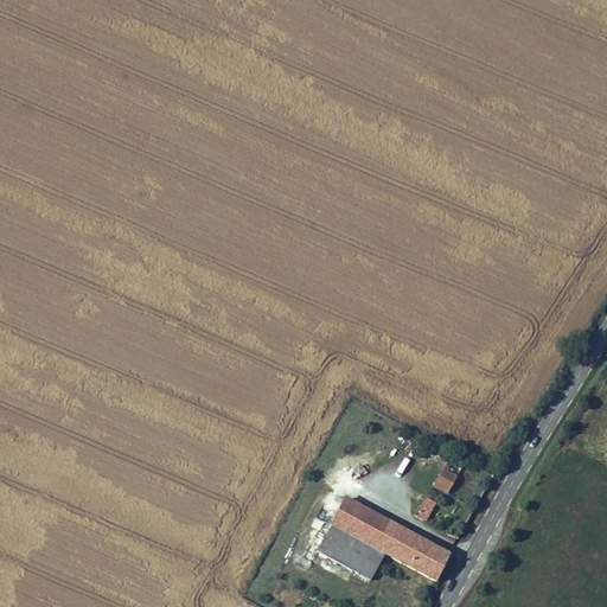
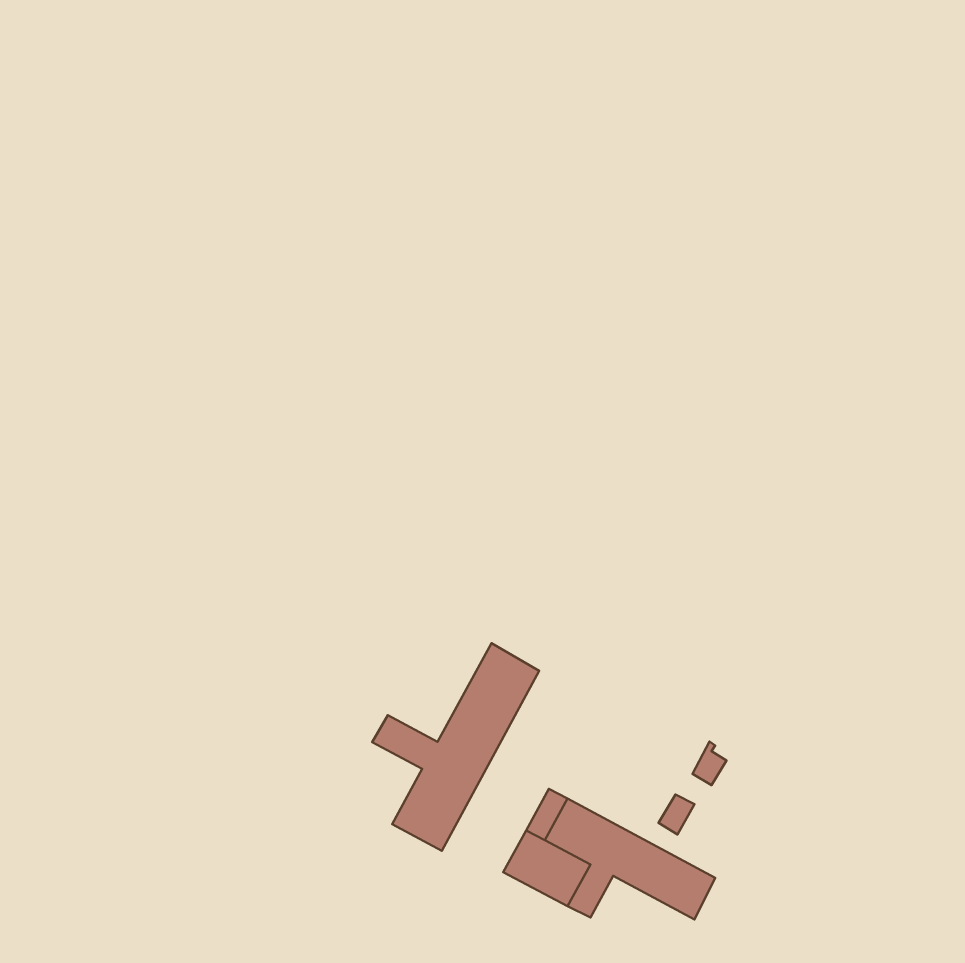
building: none -> [372,643,539,851]

